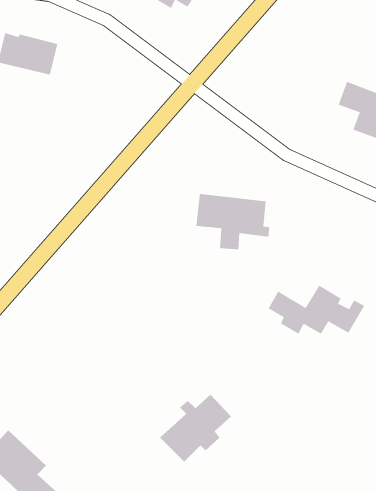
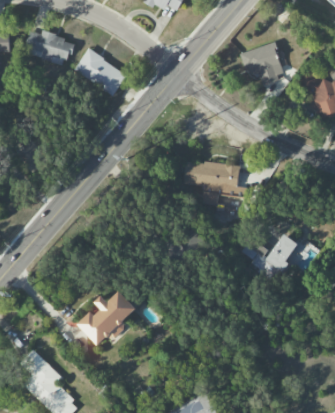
building: none -> [241,43,285,84]
building: none -> [74,49,127,96]
building: [159,394,232,463] -> [79,291,137,346]

